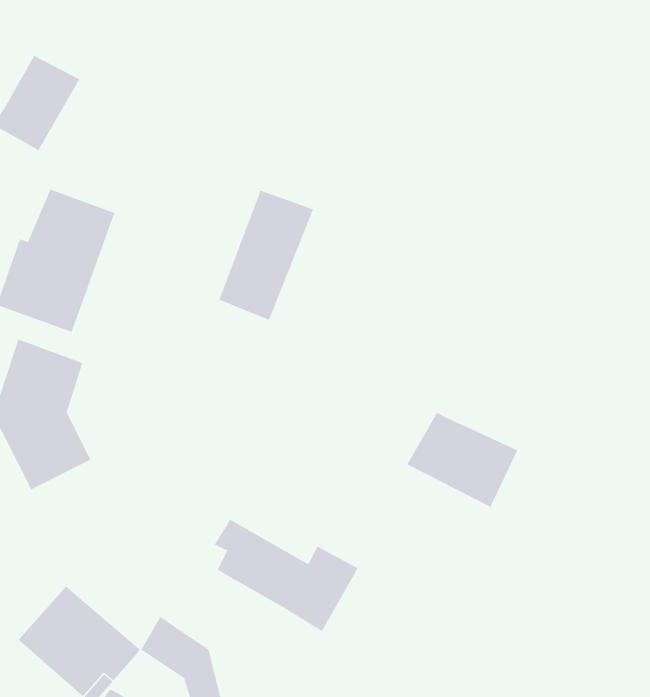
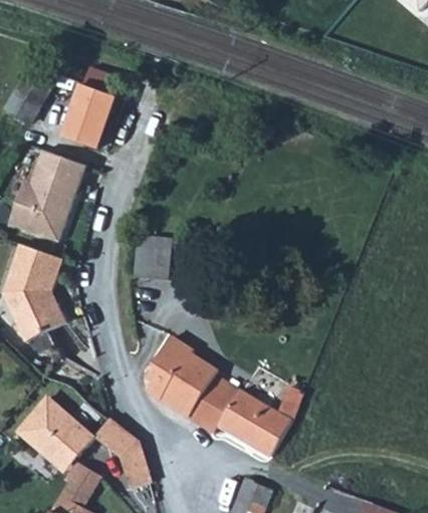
building: [218,190,314,321] -> [64,69,125,152]
building: none -> [129,251,163,279]
building: [407,412,518,507] -> [216,389,286,449]
building: none -> [154,335,212,386]

